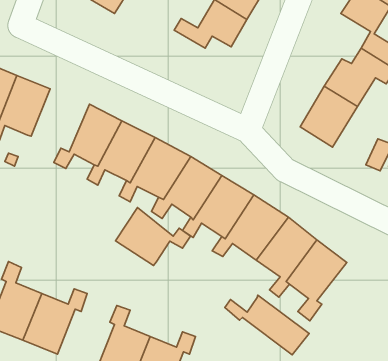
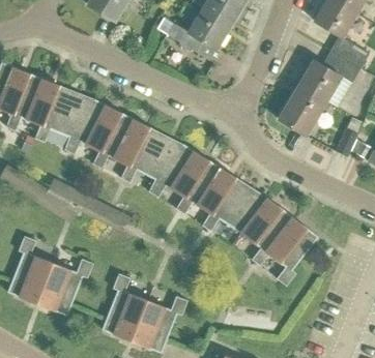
building: none -> [34,85,94,142]
building: [116,207,191,265] -> none
building: [225,295,309,355] -> none

